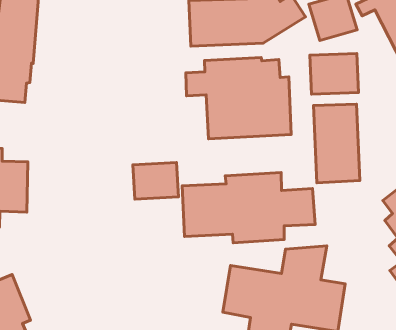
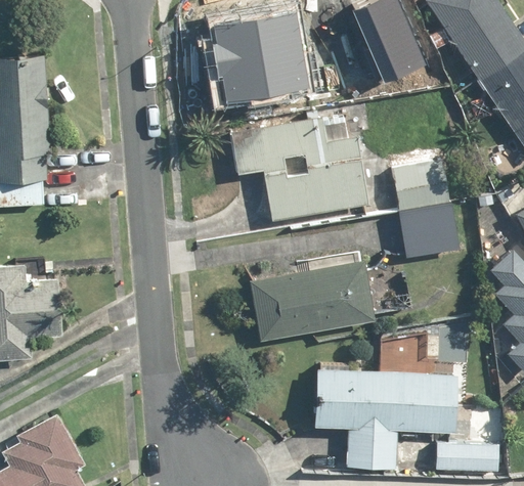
building: [310,54,359,94] -> none
building: [133,163,179,199] -> none

